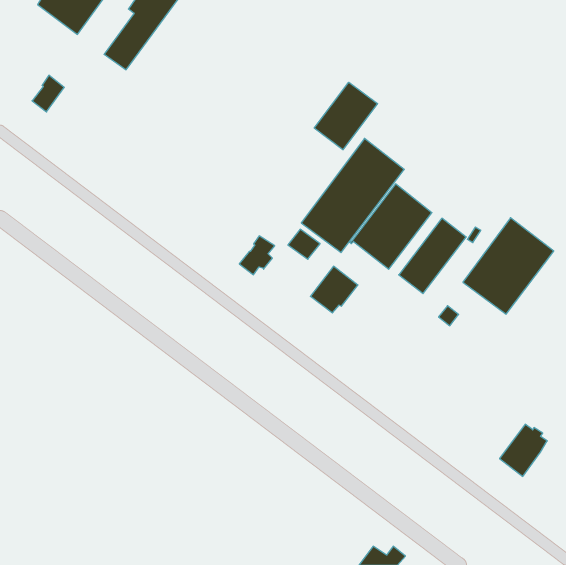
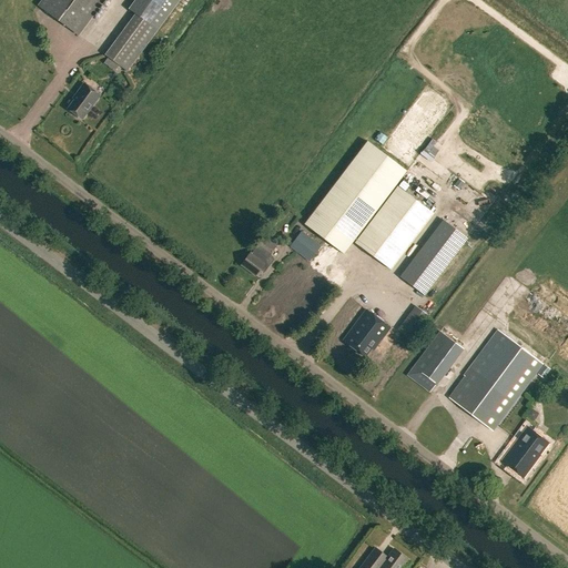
building: [32,75,64,112] -> [67,82,99,119]
building: [314,82,378,150] -> none
building: [463,218,554,314] -> [450,329,541,426]
building: [310,266,358,313] -> [342,308,389,355]
building: none -> [407,331,460,389]

